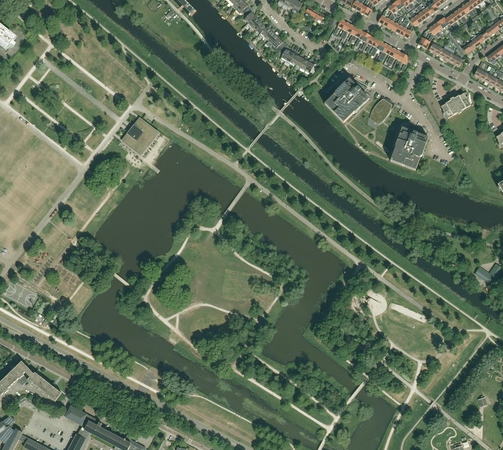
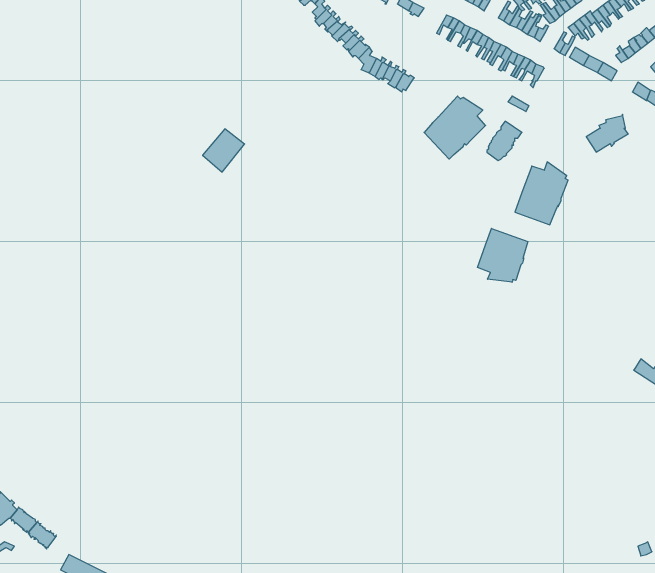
building: [124,121,154,152] -> [203,129,245,172]
building: none -> [478,228,528,282]

